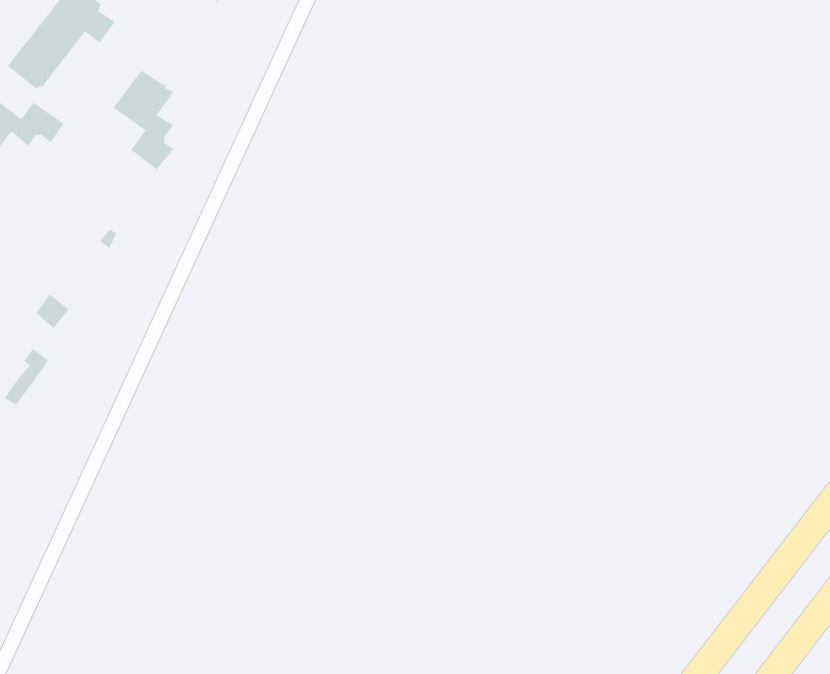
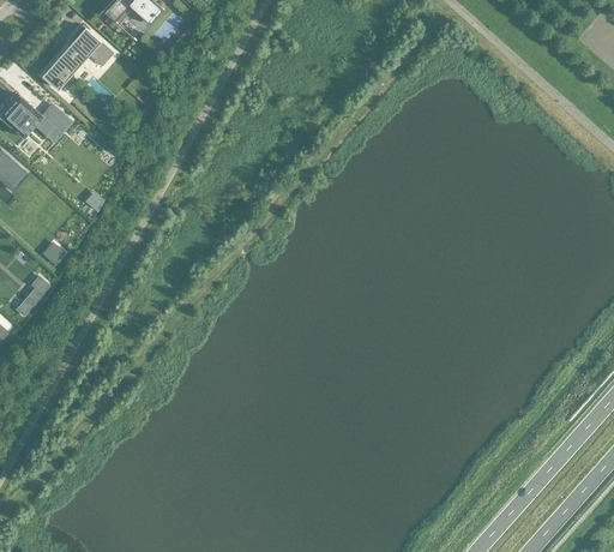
building: [113,69,175,171] -> none

